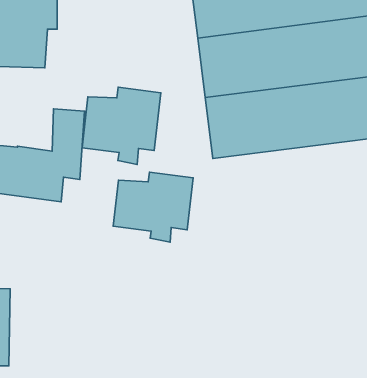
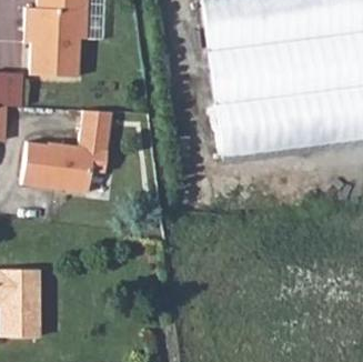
building: [82,87,161,165] -> none
building: [113,172,193,242] -> none

